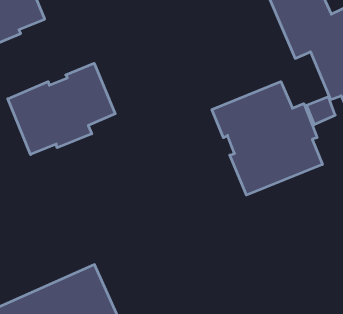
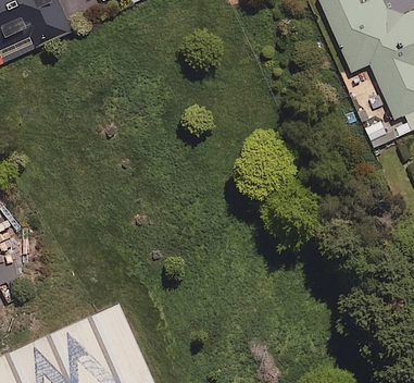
building: [8,63,115,155] -> none
building: [212,82,322,195] -> none

